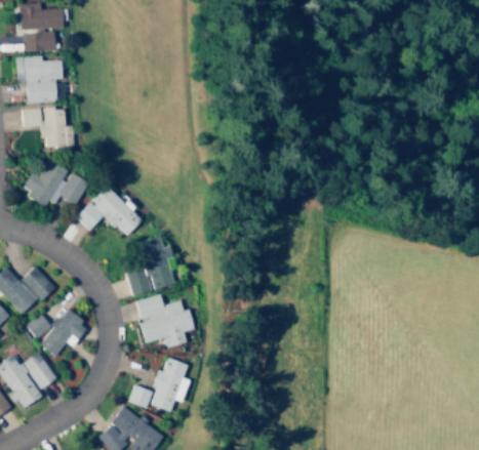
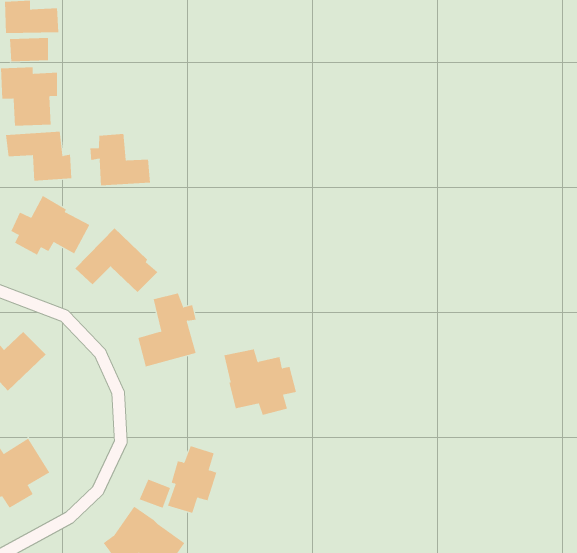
building: none -> [90,133,150,186]
building: [135,294,194,347] -> [224,349,297,415]
building: [27,309,89,356] -> none

